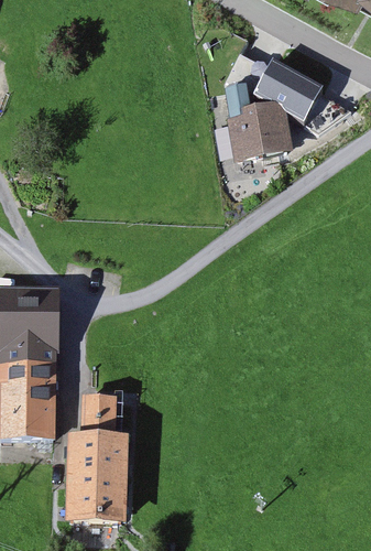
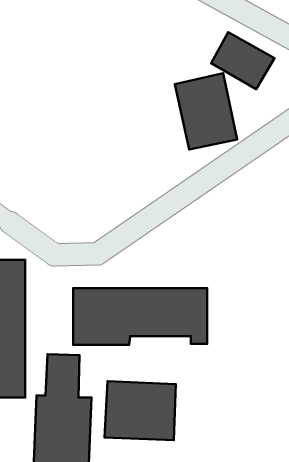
building: none -> [73,288,207,345]
building: none -> [104,381,176,440]

